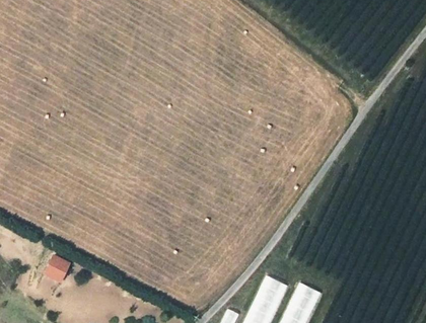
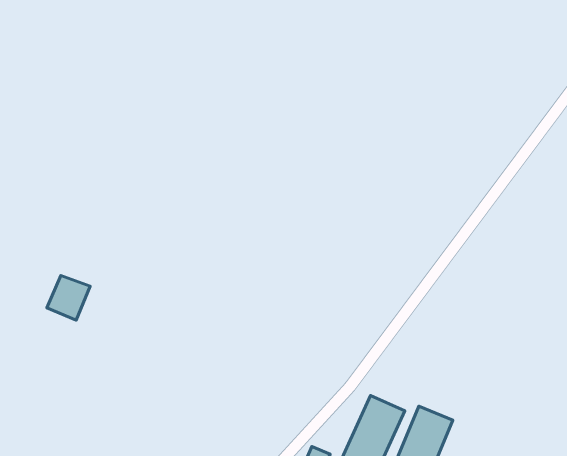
building: [44,254,72,284] -> [47,275,90,320]

